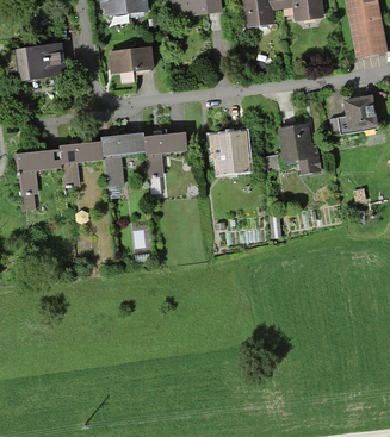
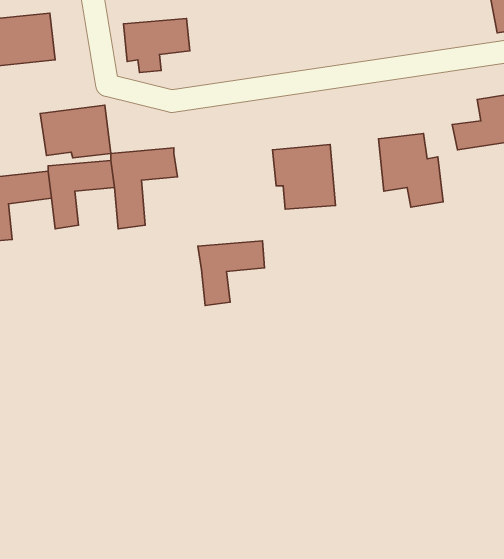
building: none -> [40,105,111,158]
building: [143,132,187,175] -> [198,241,264,306]

